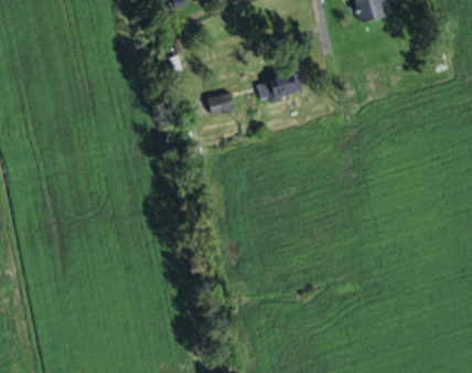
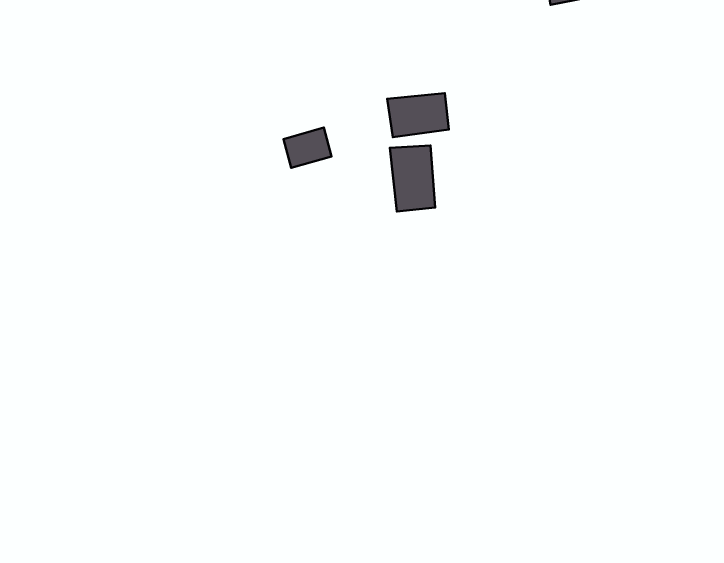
building: none -> [390,146,435,212]

